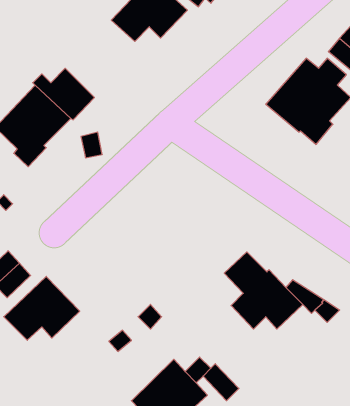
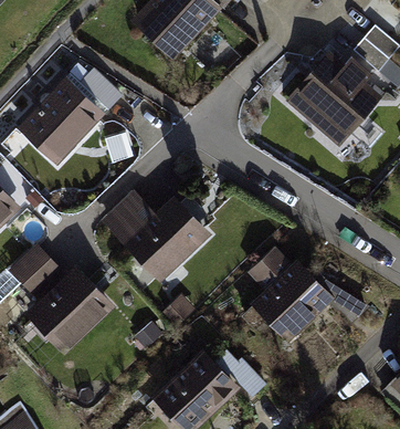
building: none -> [108,197,211,278]

